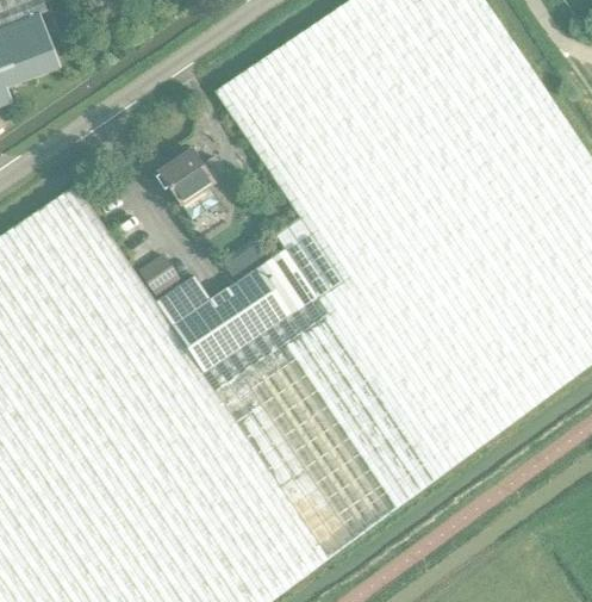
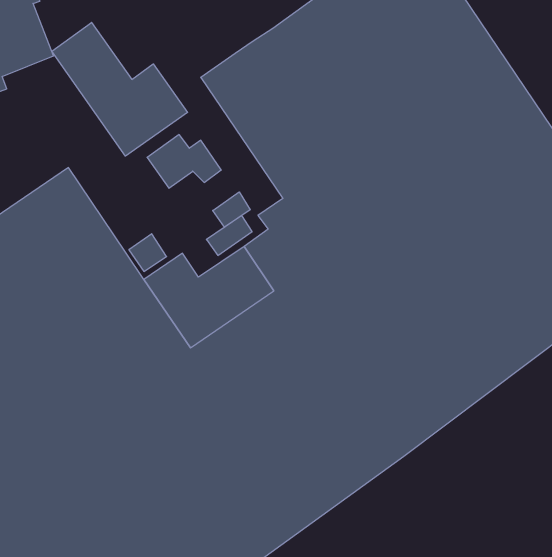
building: none -> [52,22,188,156]
building: none -> [213,192,250,227]

